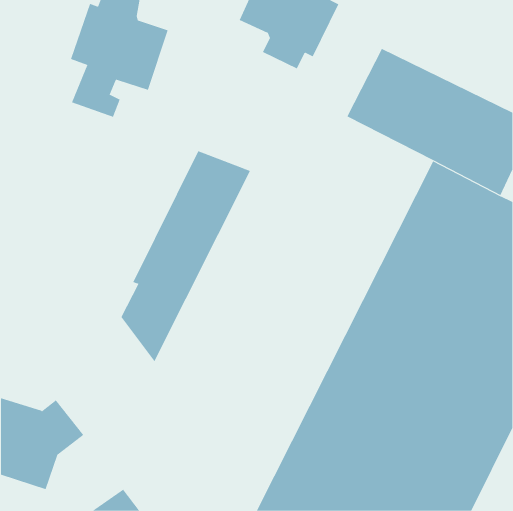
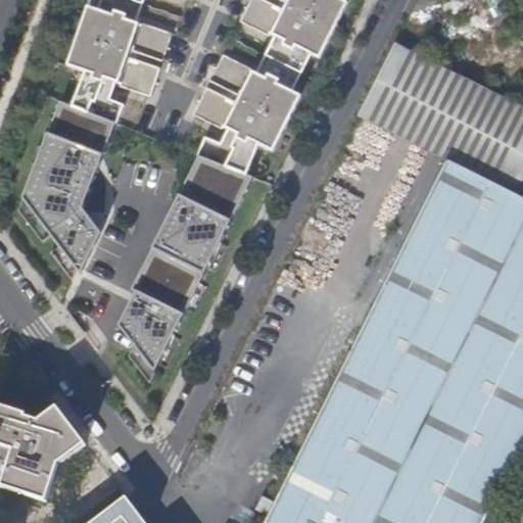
building: none -> [197,53,304,172]
building: none -> [25,100,115,271]

